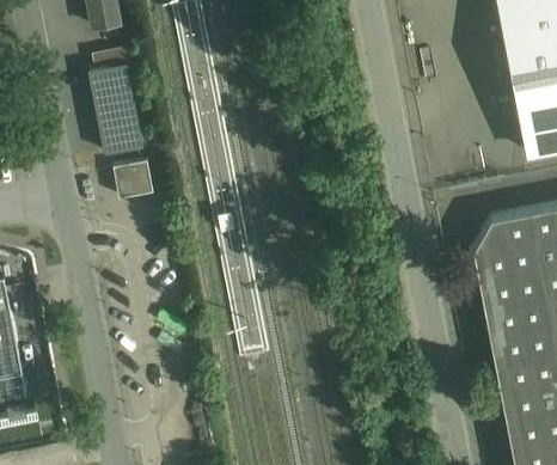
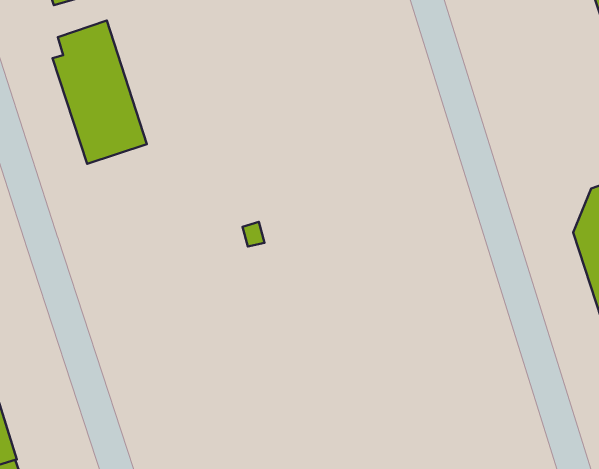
building: [112,163,152,201] -> none

